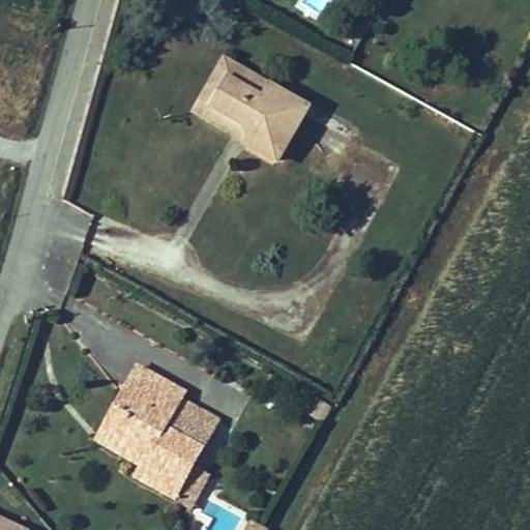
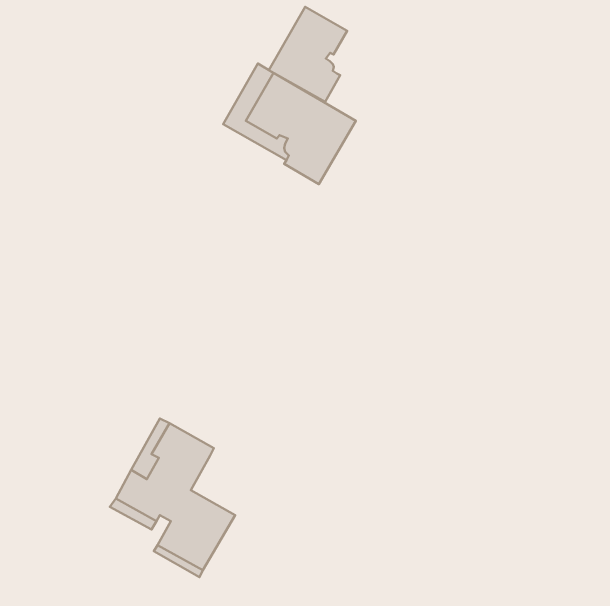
building: none -> [269,7,347,102]
building: [166,394,222,446] -> none

